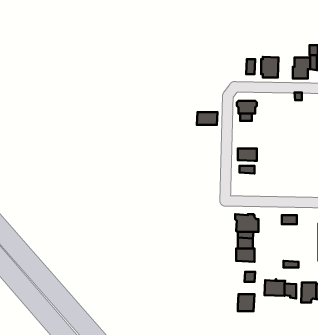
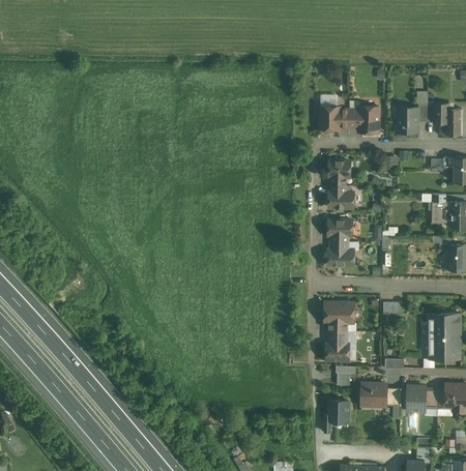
building: none -> [319,105,339,130]
building: [197,112,218,125] -> [327,192,353,207]
building: none -> [326,249,353,265]

